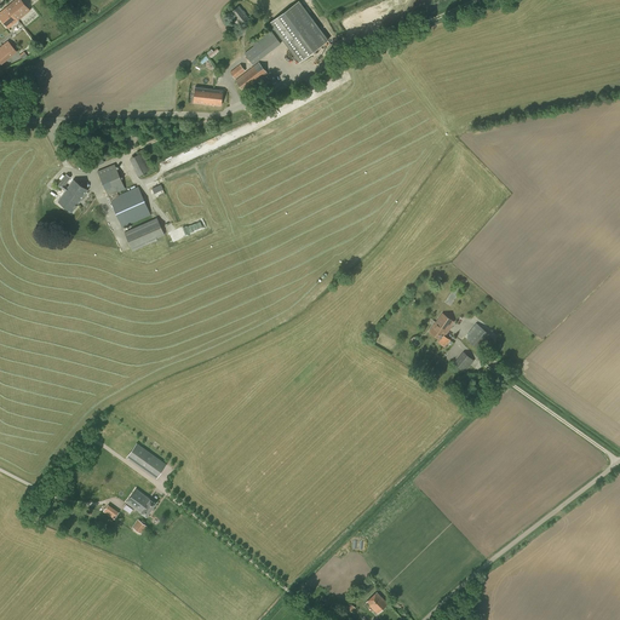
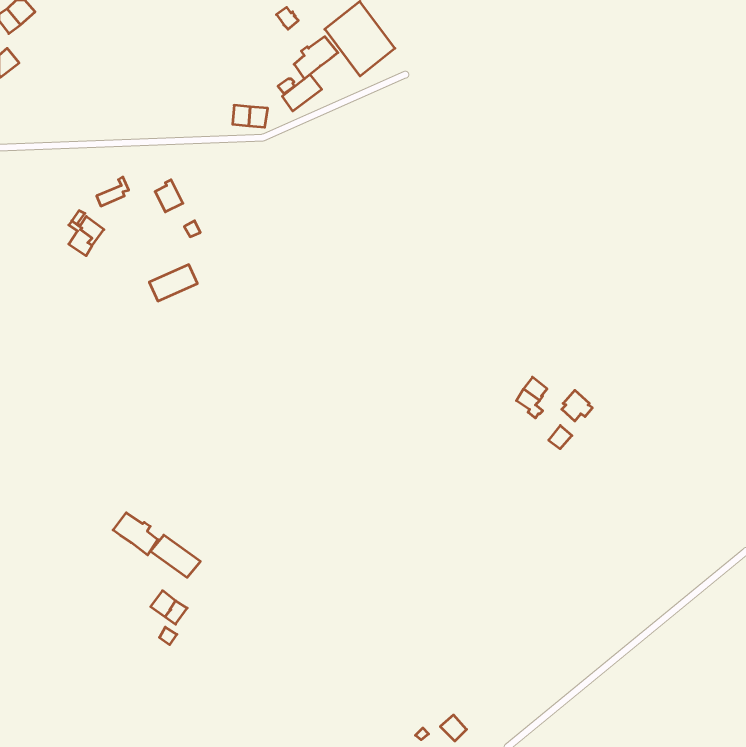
building: [96,163,150,228] -> none
building: none -> [113,513,158,555]

